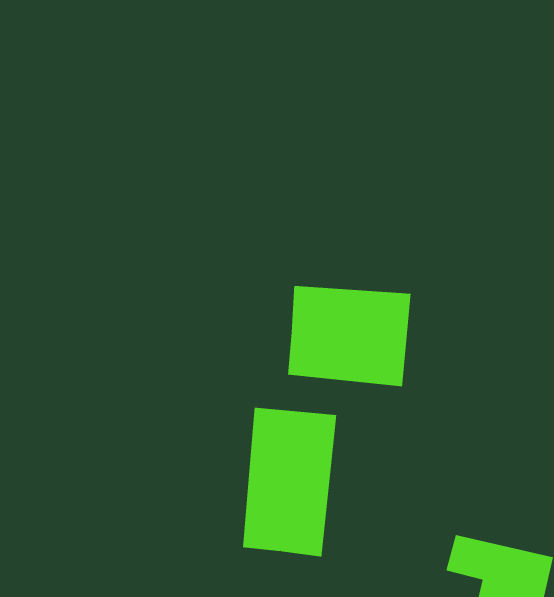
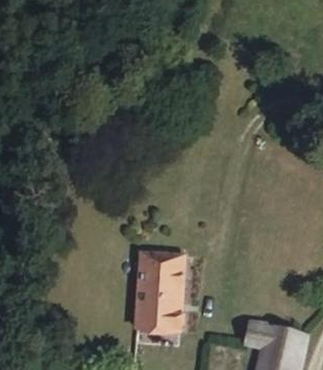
building: [288,285,411,387] -> none

